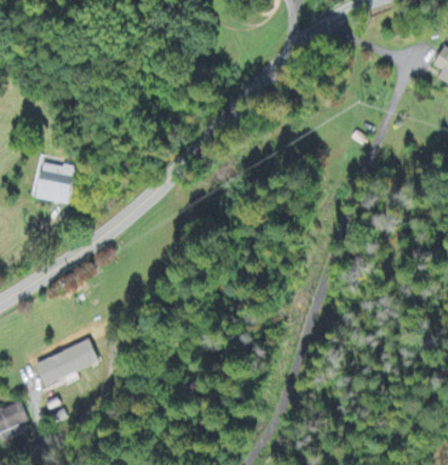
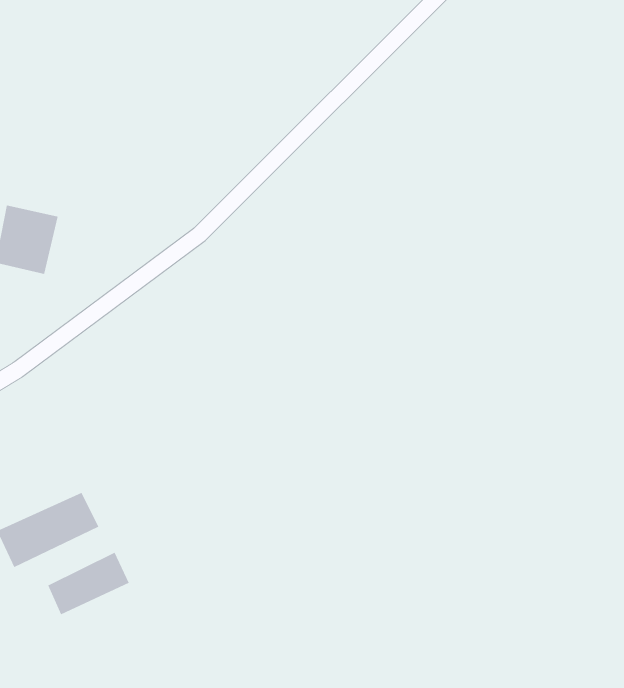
building: none -> [48,552,130,615]

